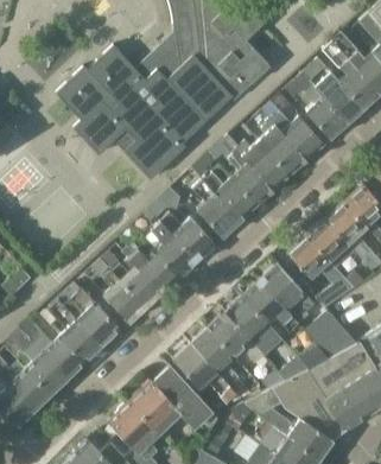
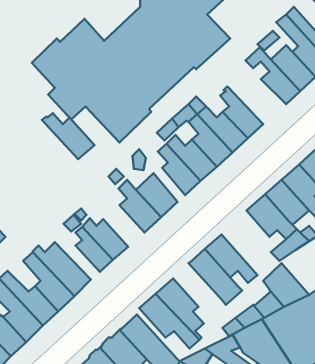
building: [256,104,323,160] -> none
building: [121,243,178,293] -> [42,113,95,159]
building: [261,266,313,324] -> none
building: [209,311,266,364] -> none

